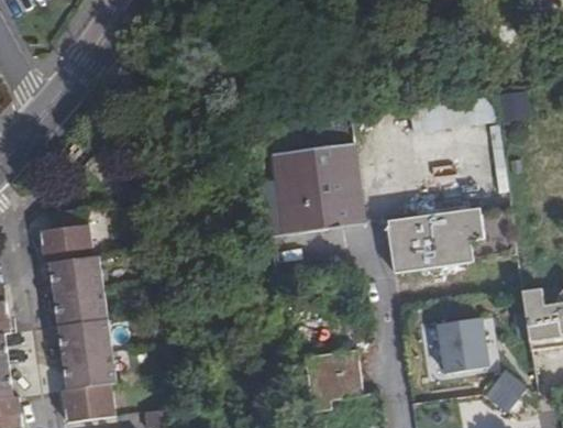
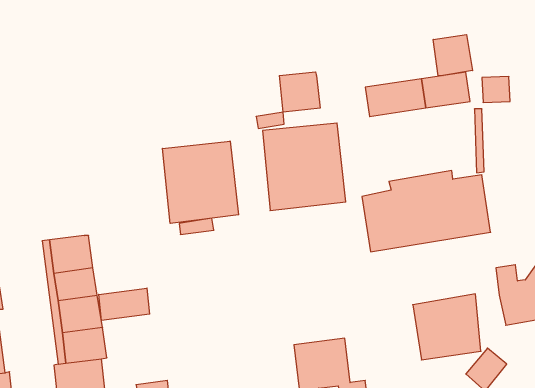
building: none -> [433,35,473,76]
building: none -> [279,72,320,112]
building: none -> [162,141,239,223]
building: [41,208,93,264] -> none
building: none -> [99,288,150,321]

